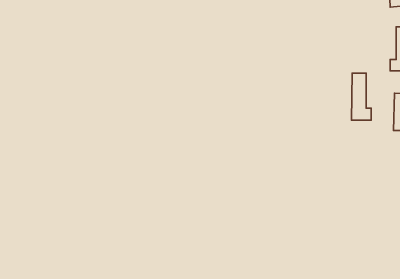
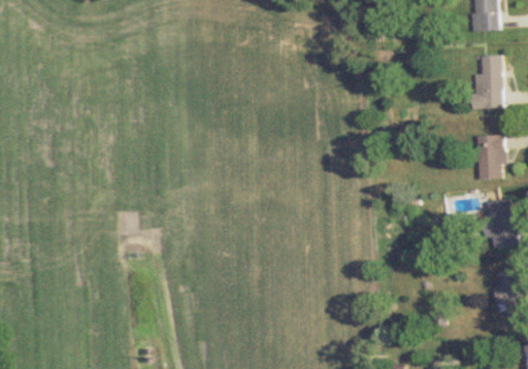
building: [352,73,371,120] -> none

